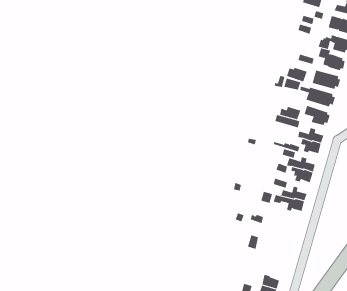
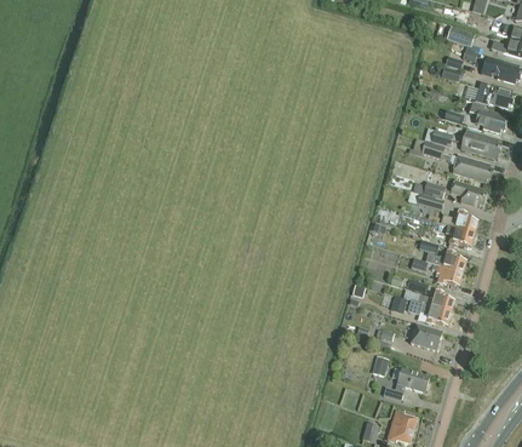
building: none -> [411,325,442,351]
building: none -> [384,369,430,401]

